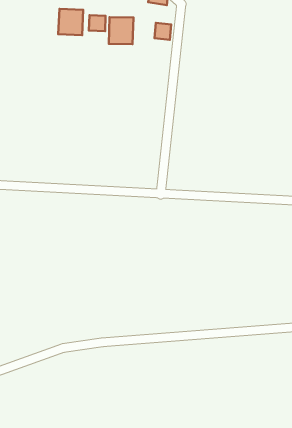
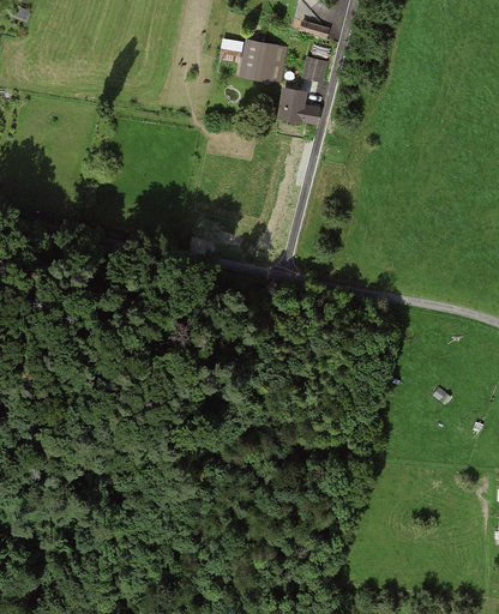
building: [58,9,83,35] -> none
building: none -> [282,89,320,122]

